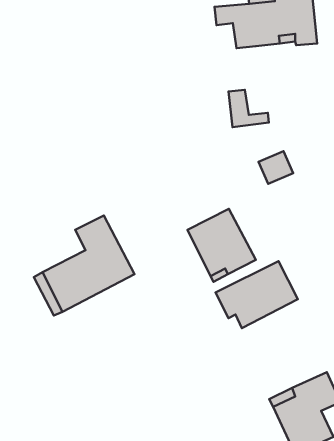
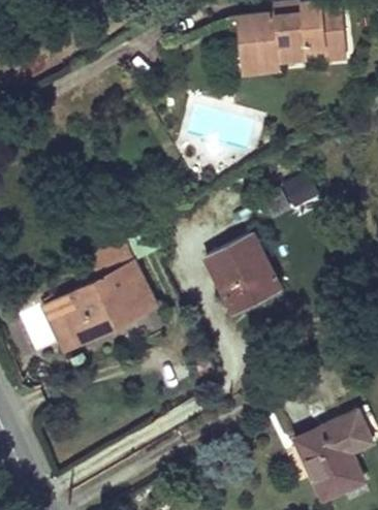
building: [229,90,269,127] -> [239,36,282,76]
building: [216,261,298,328] -> none

